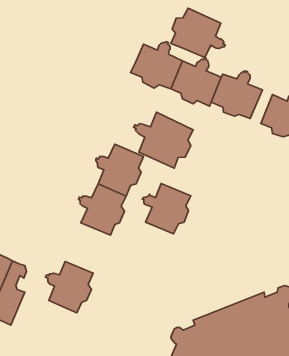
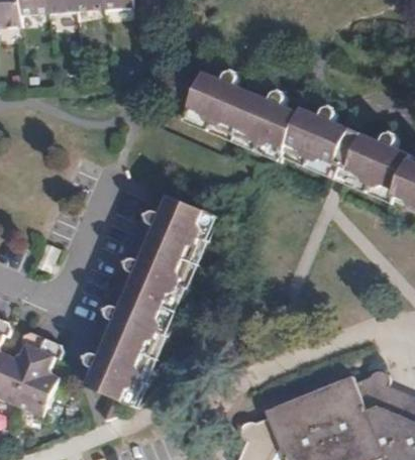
building: [171,8,225,57] -> none
building: [133,112,193,168] -> none
building: [142,183,191,234] -> [104,292,164,353]

